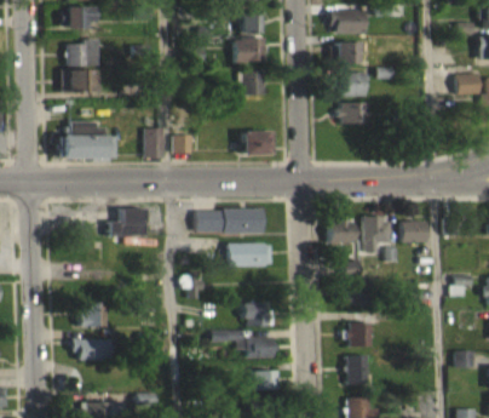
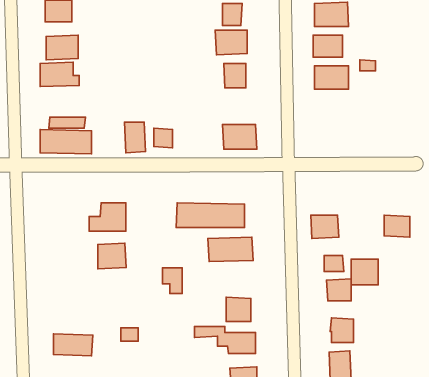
building: [339,102,368,124] -> none
building: [363,217,390,242] -> [351,259,378,285]
building: [79,302,107,327] -> [98,243,126,269]

